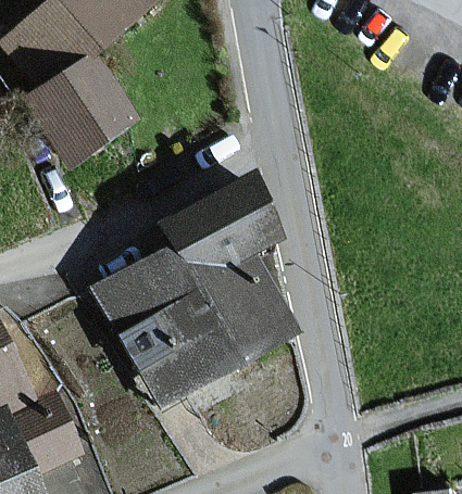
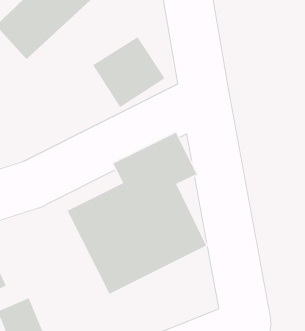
building: [32,65,129,161] -> [92,36,166,108]

